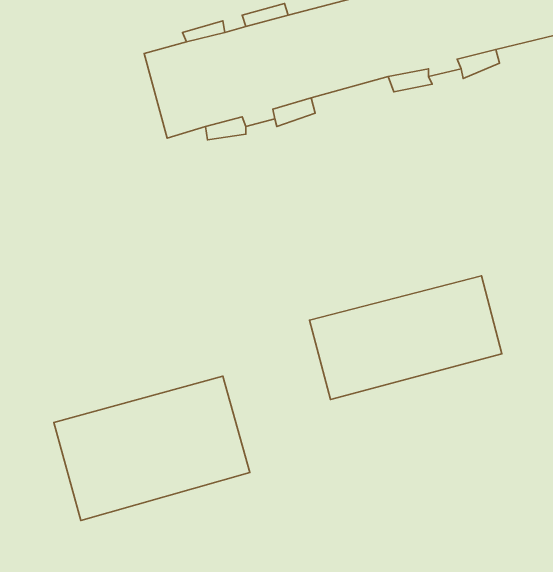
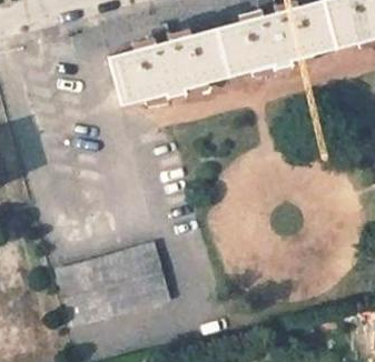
building: [309,276,502,400] -> none

